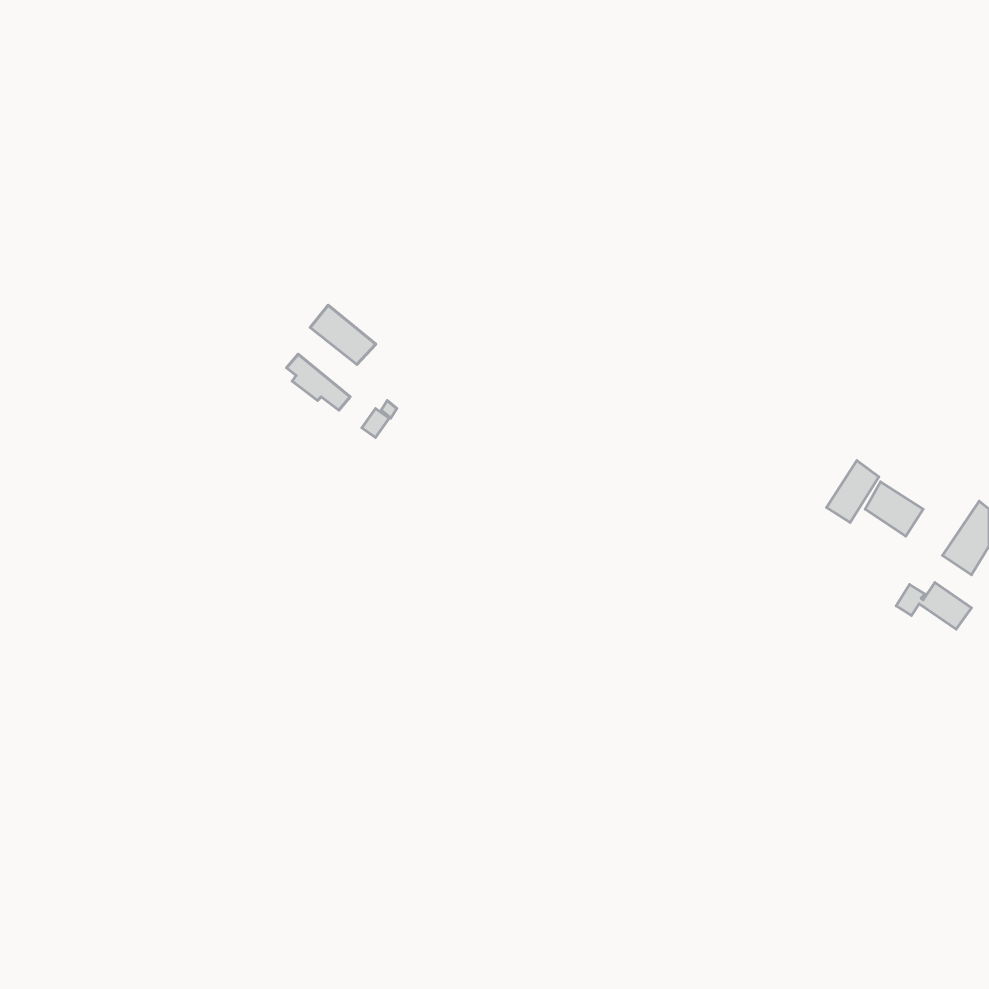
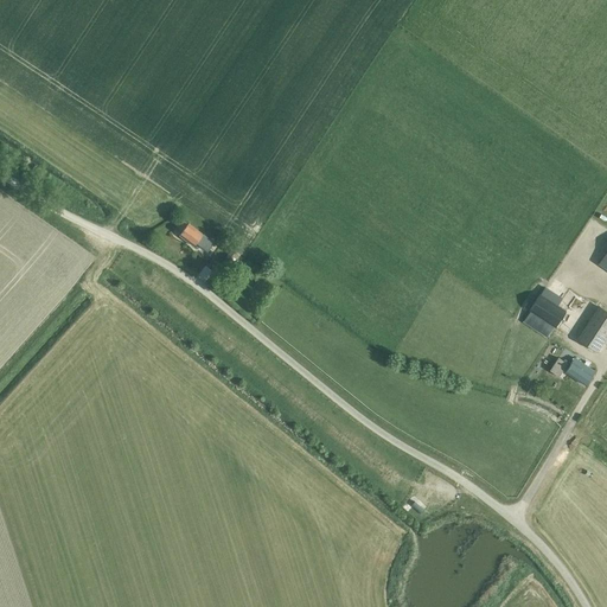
building: [310,305,376,364] -> none
building: [827,461,879,523] -> none

